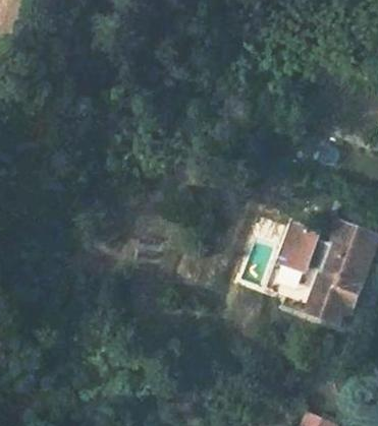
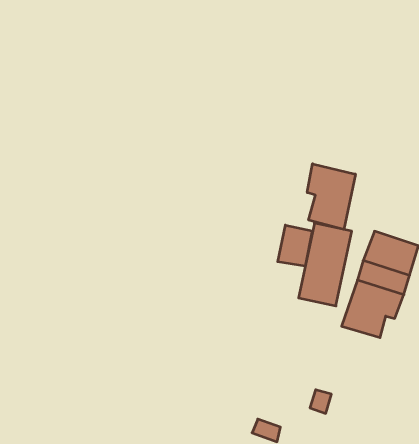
building: none -> [307,164,355,229]
building: none -> [278,225,312,266]

